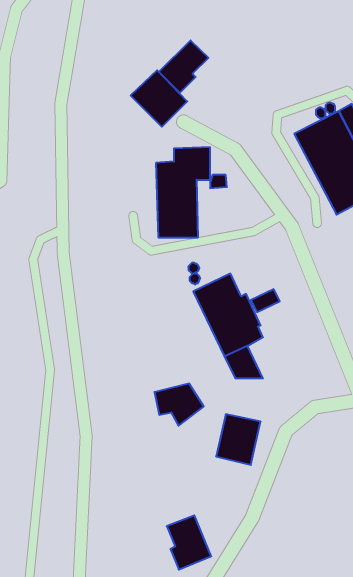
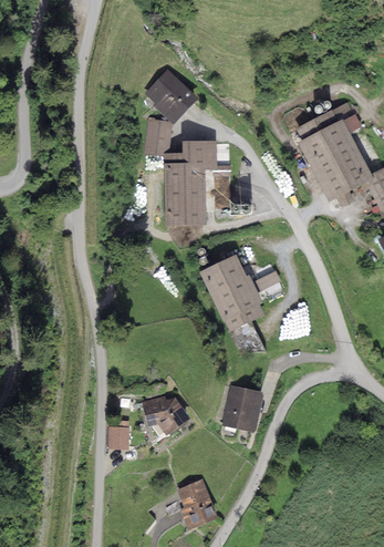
building: [159,40,208,93] -> none
building: none -> [143,120,168,154]
building: [154,384,204,426] -> [142,396,187,435]
building: none -> [107,426,128,450]

